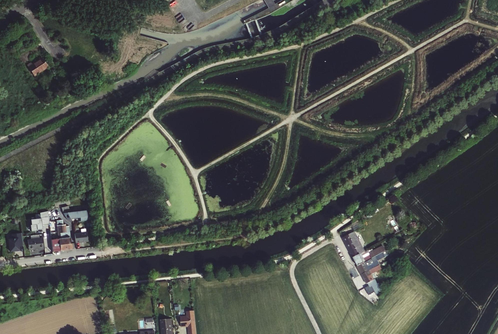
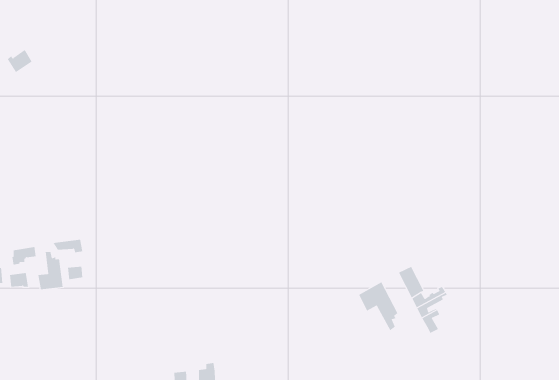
building: none -> [358,282,398,331]

